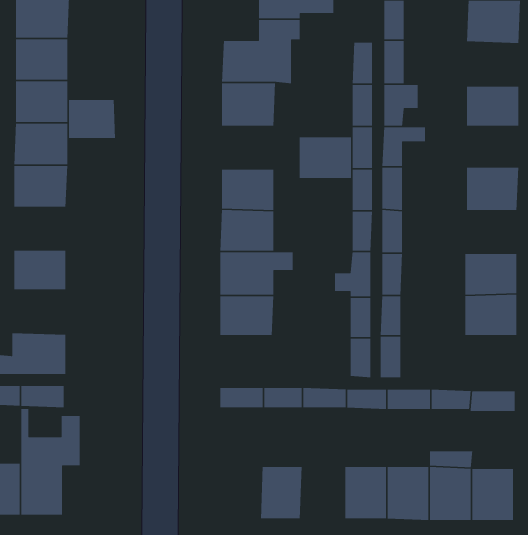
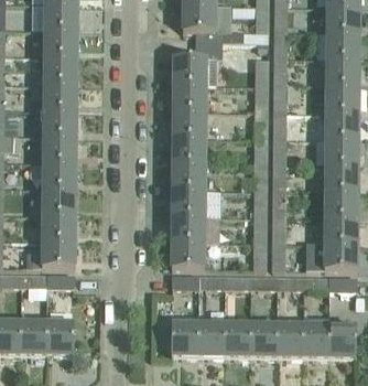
building: none -> [326,57,359,85]
building: [68,99,116,139] -> none
building: none -> [326,110,359,136]
building: [299,137,352,179] -> [173,110,206,137]
building: none -> [43,161,76,187]
building: none -> [325,163,358,190]
building: none -> [42,213,76,240]
building: none -> [172,242,205,267]
building: none -> [306,242,358,269]
building: none -> [172,322,198,356]
building: none -> [223,323,250,356]

